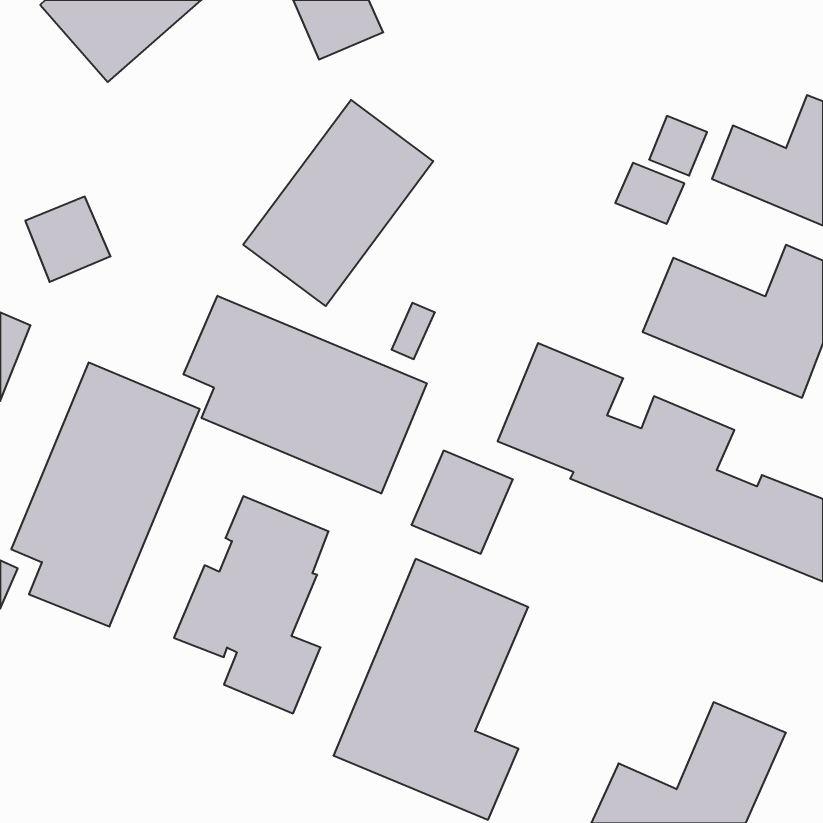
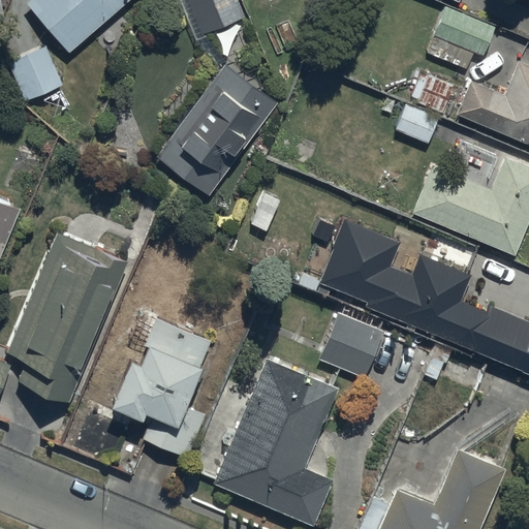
building: none -> [427,6,495,69]
building: [25,197,111,282] -> [8,46,63,101]
building: [184,296,427,494] -> none
building: [411,451,513,554] -> [319,312,384,378]

